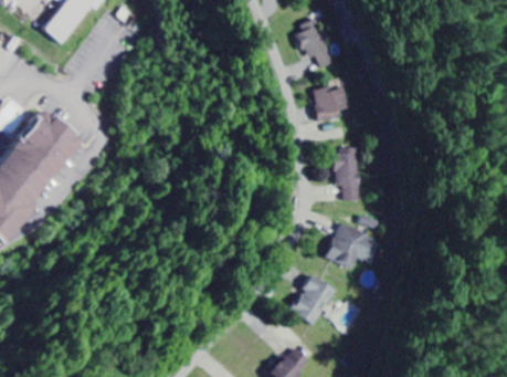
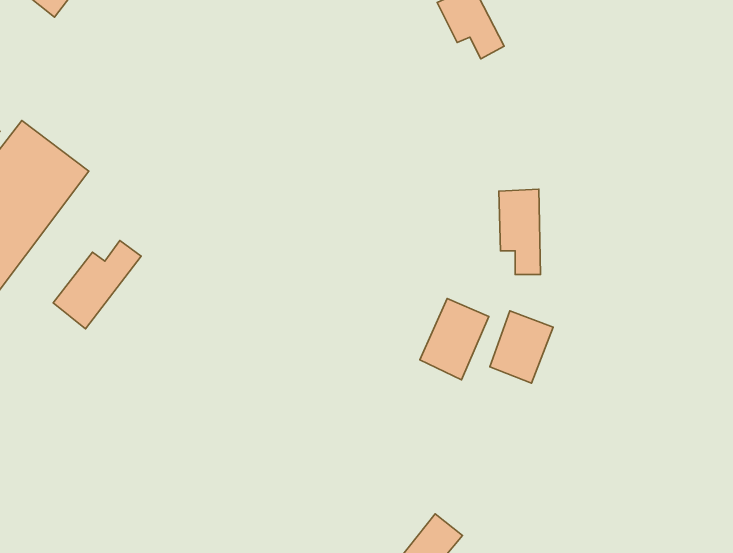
building: [311,86,351,119] -> none
building: none -> [53,241,141,329]
building: [292,274,334,324] -> [420,298,489,380]

